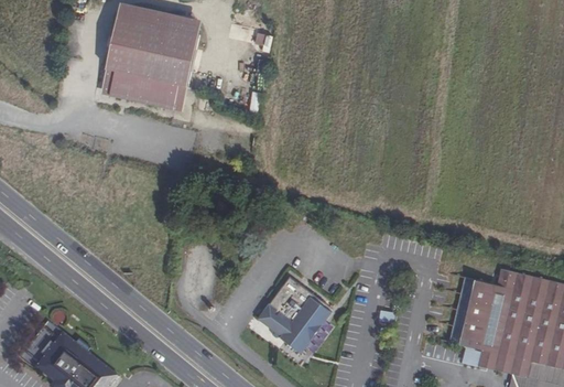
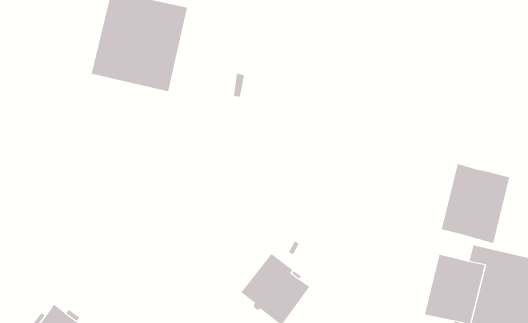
building: none -> [441,163,510,244]

